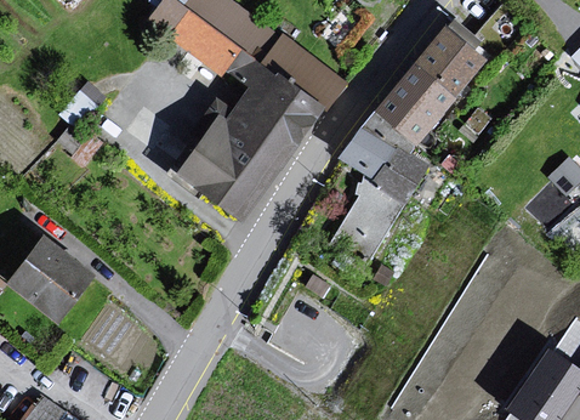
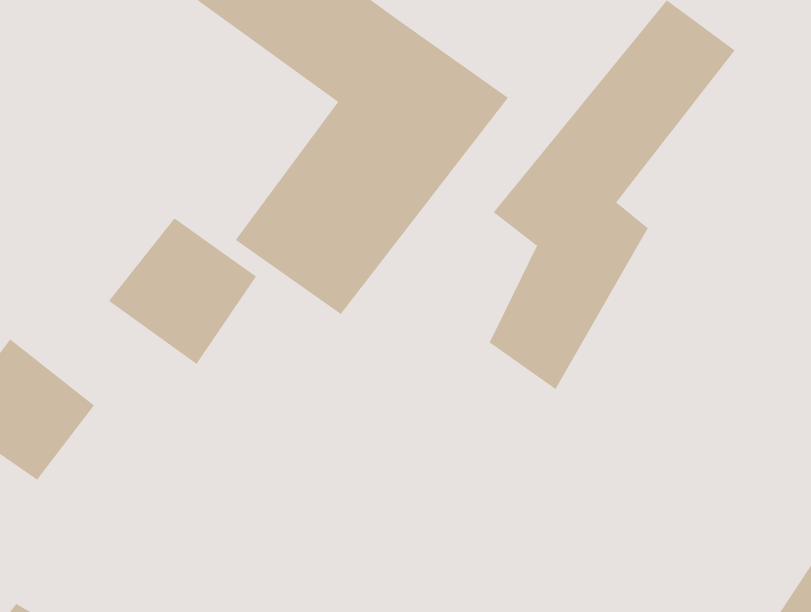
building: none -> [108,217,257,365]

